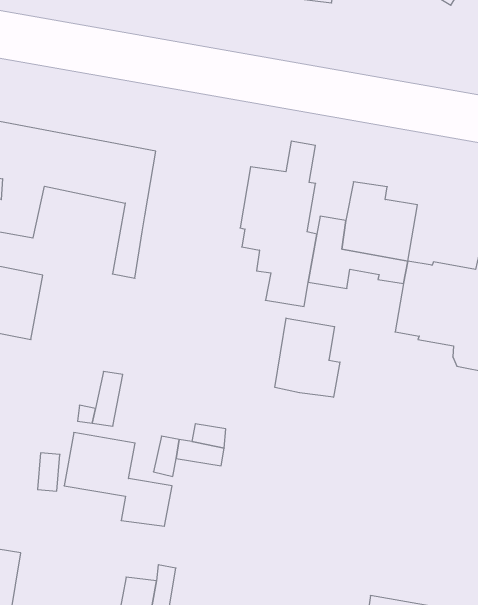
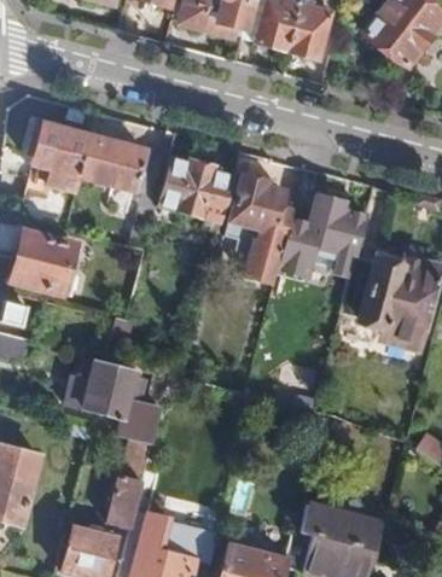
building: none -> [159,156,235,220]
building: [275,318,340,397] -> none

